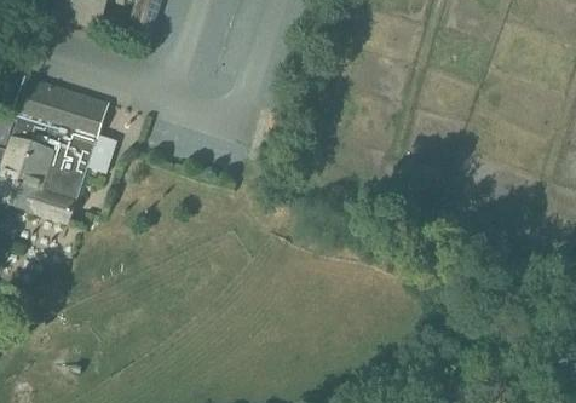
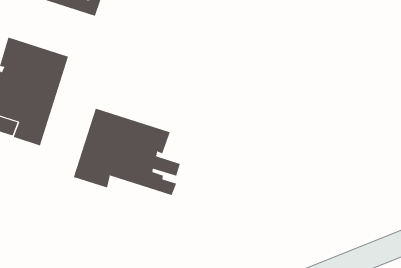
building: none -> [73,108,181,196]

